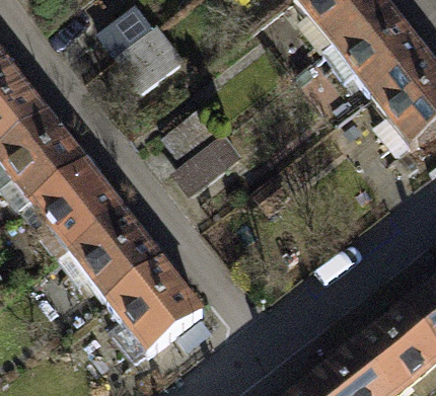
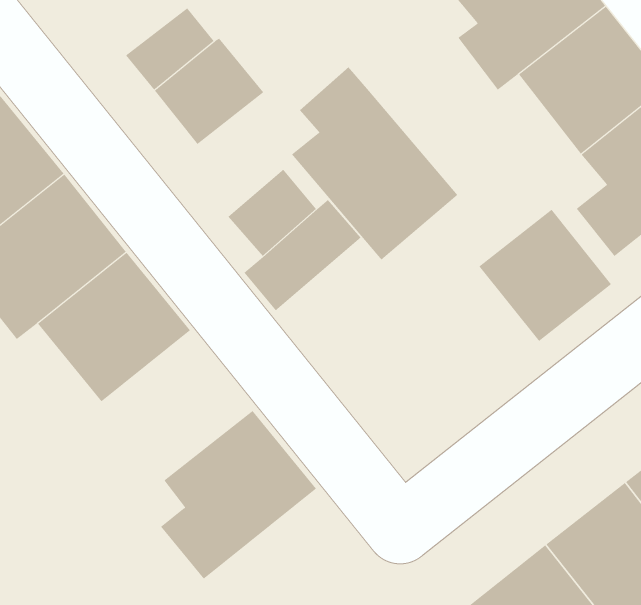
building: none -> [291,66,458,261]
building: none -> [479,209,612,342]
building: [63,215,173,310] -> none

